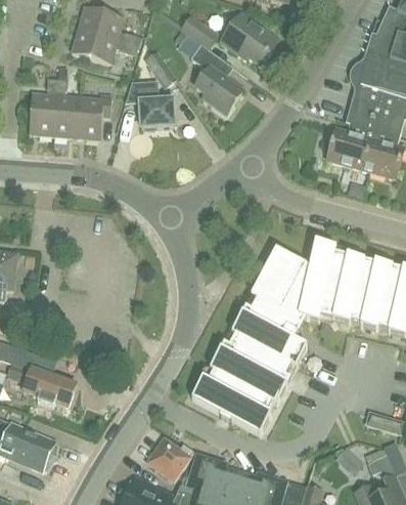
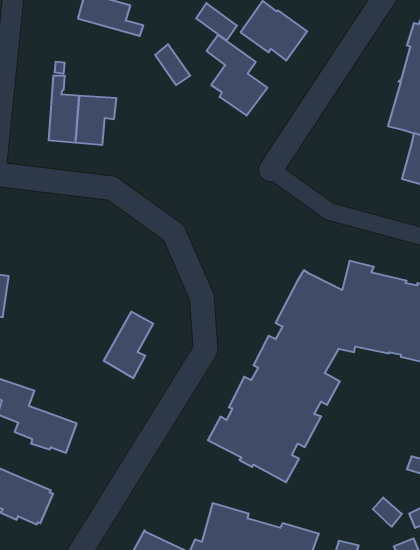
building: [71,29,132,64] -> none
building: [29,78,56,135] -> none
building: [126,82,174,130] -> none
building: [326,126,371,169] -> none
building: none -> [104,312,153,378]
building: [148,438,193,479] -> none

